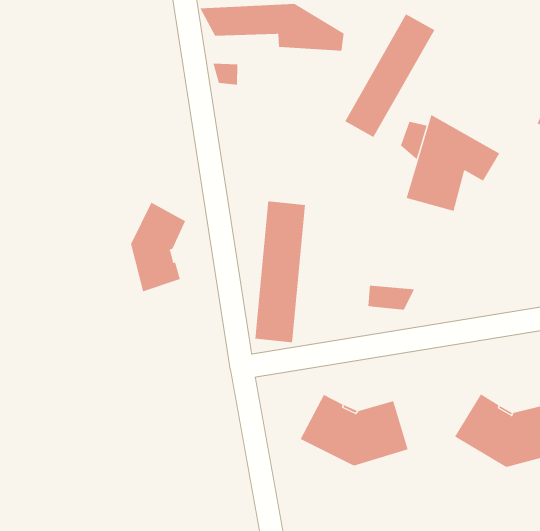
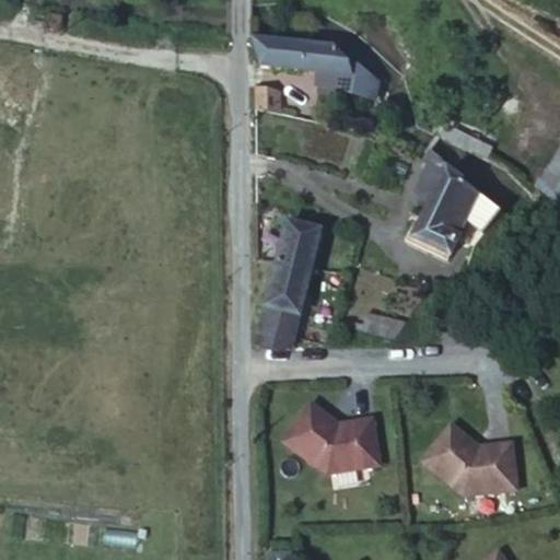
building: [344,13,435,138] -> none
building: [130,202,186,292] -> none

